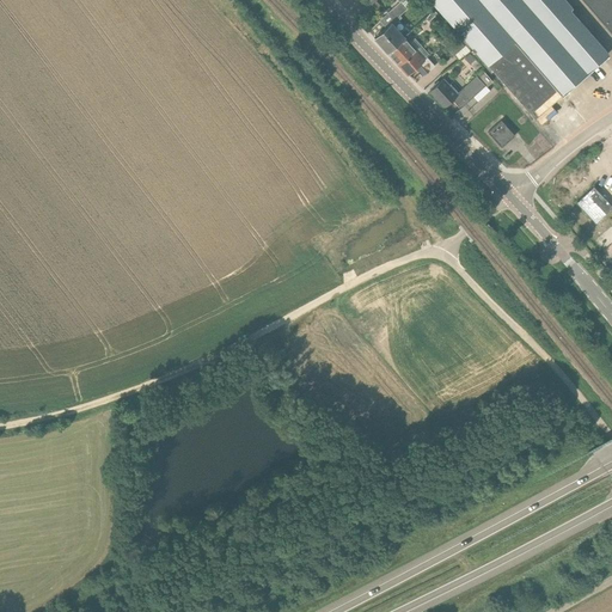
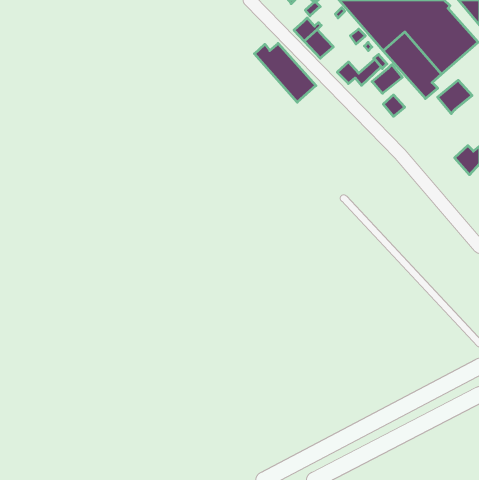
building: none -> [254,43,316,102]
building: none -> [372,65,402,93]
building: none -> [438,80,472,114]

